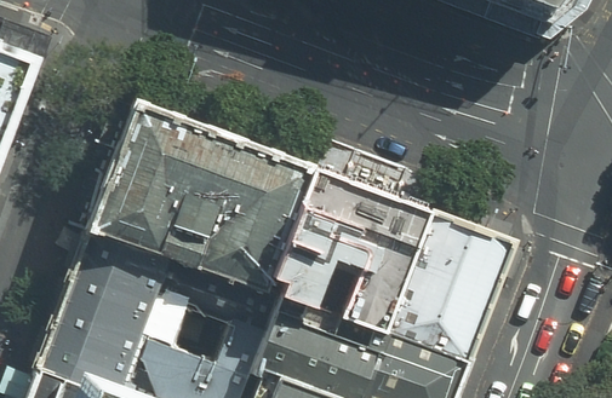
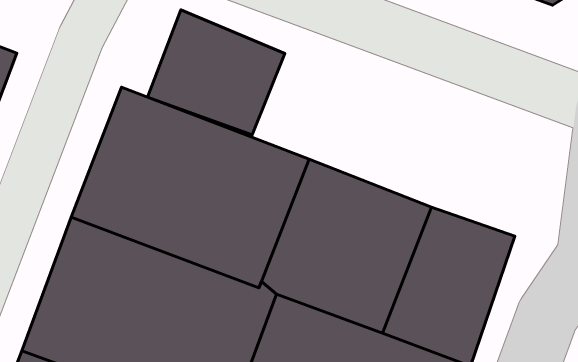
building: none -> [148,10,285,135]

